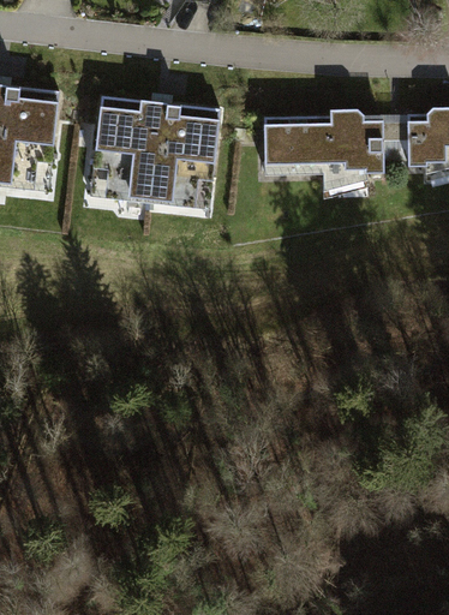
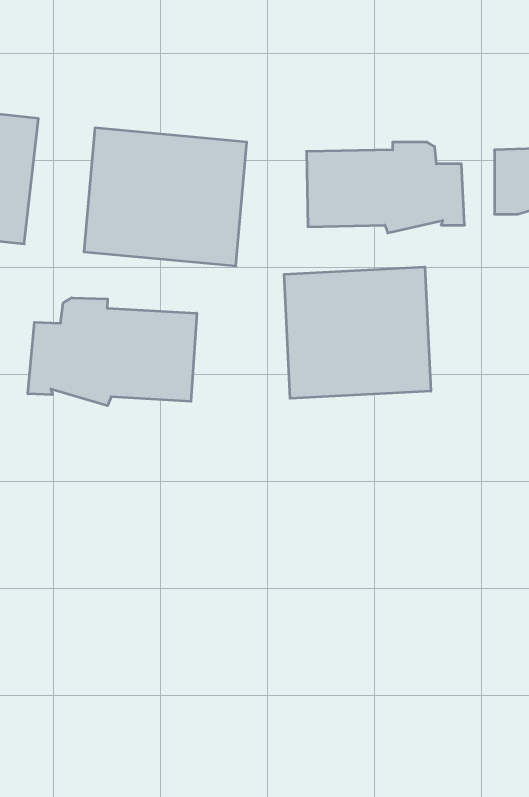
building: none -> [284,267,431,398]
building: none -> [28,298,197,406]

